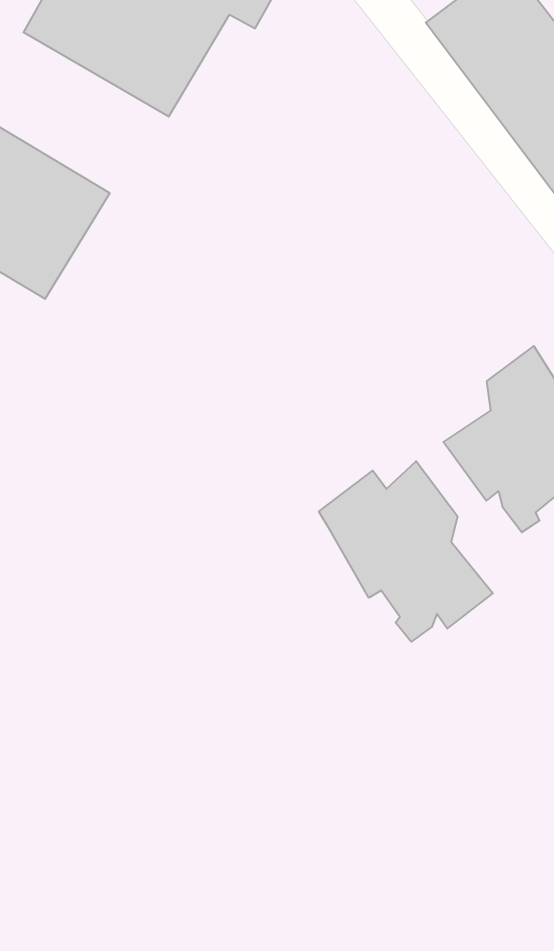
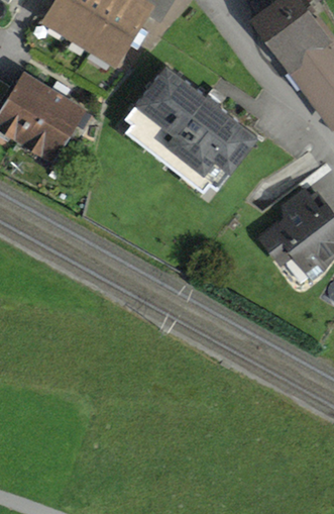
building: none -> [123,67,255,191]
building: [319,461,493,642] -> none

